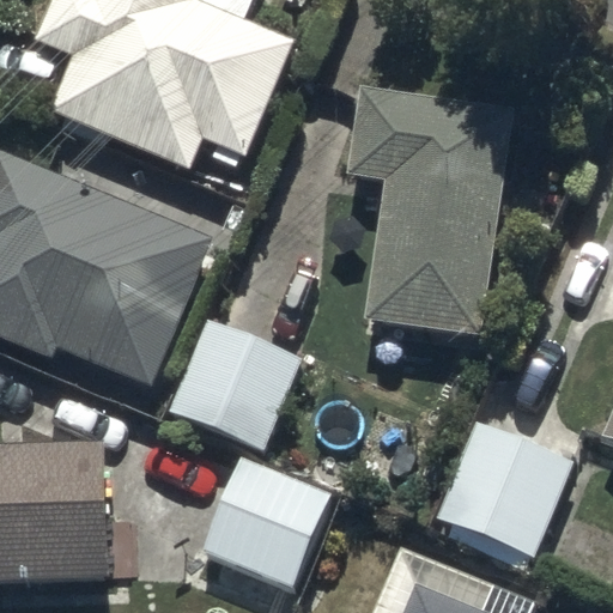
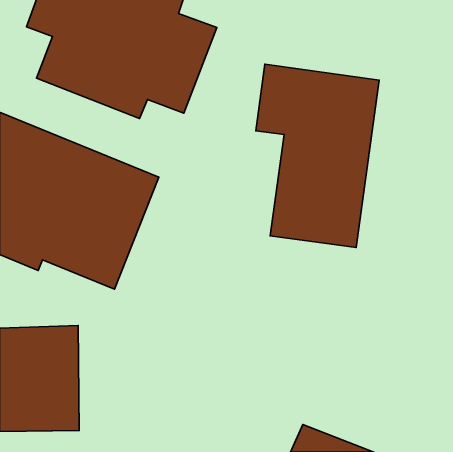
building: [168,310,305,448] -> none
building: [442,439,578,577] -> none
building: [201,454,328,583] -> none

